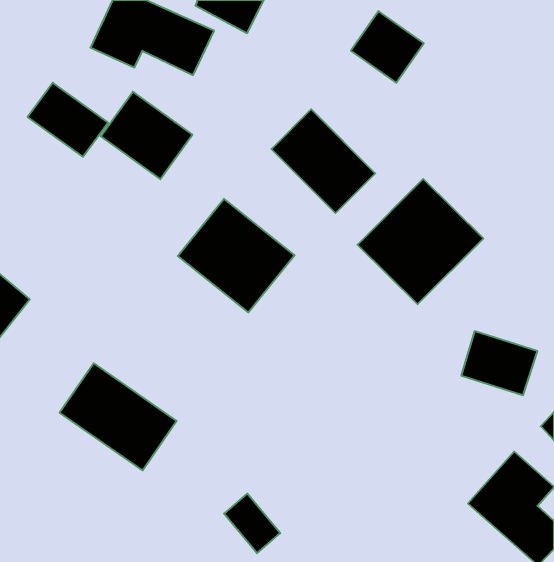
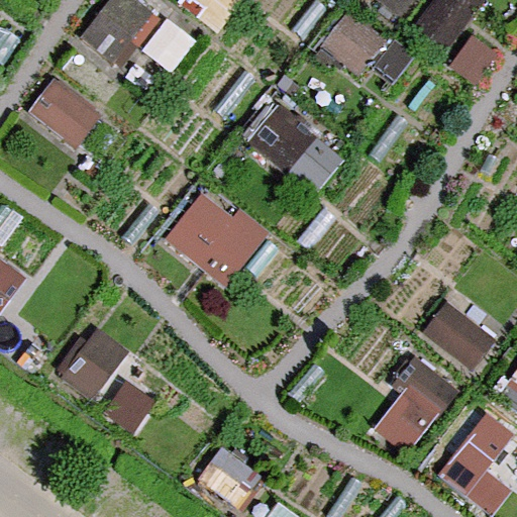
building: [101,92,192,179] -> none
building: [357,179,483,304] -> none
building: none -> [374,366,452,454]

